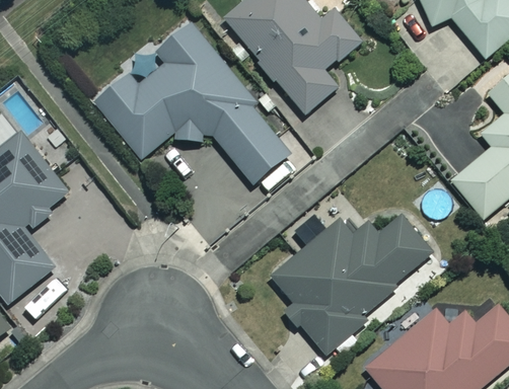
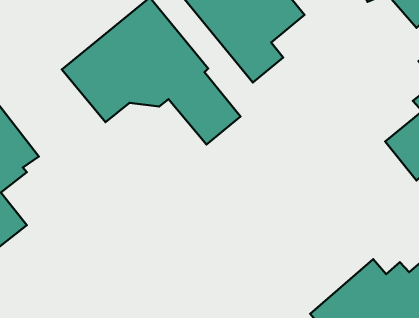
building: [272,213,433,354] -> none

